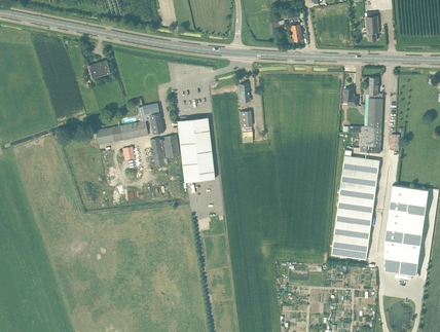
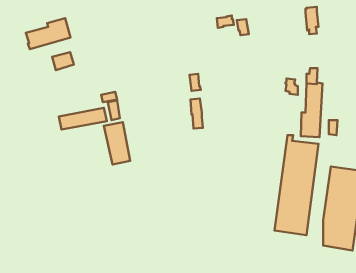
building: none -> [26,18,70,49]
building: [179,116,215,182] -> none

